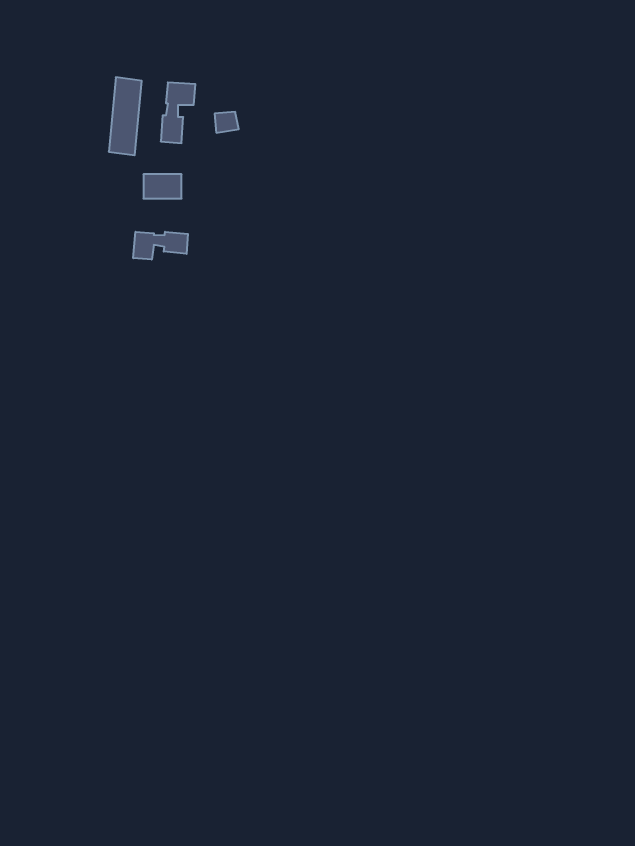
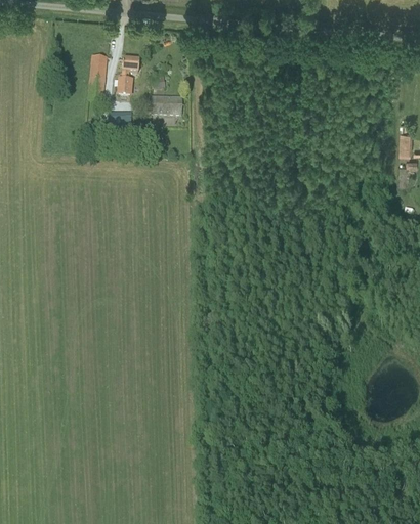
building: none -> [152,93,182,113]
building: [133,232,188,260] -> none

